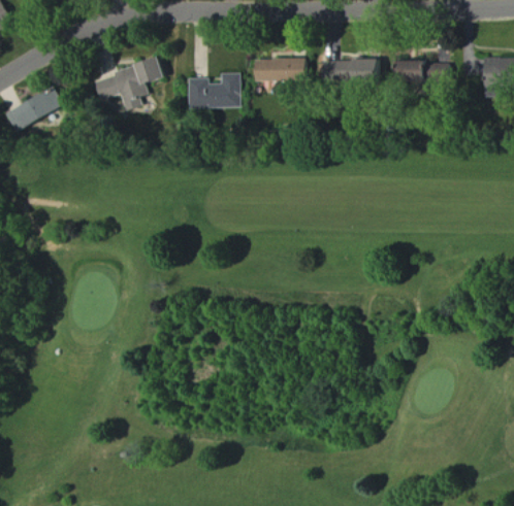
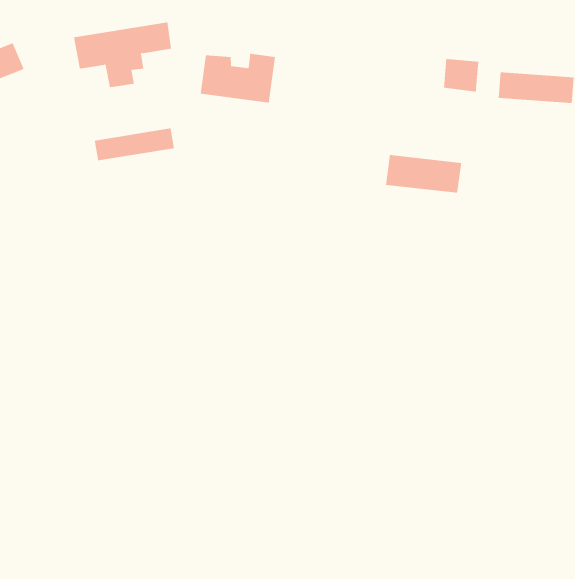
building: [255,58,307,80] -> [385,155,462,193]
building: [323,60,353,79] -> none
building: none -> [94,128,174,161]

